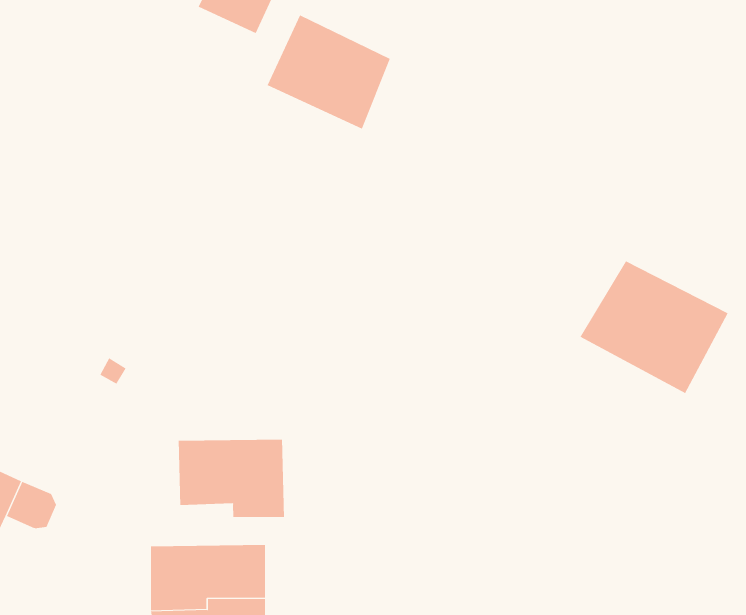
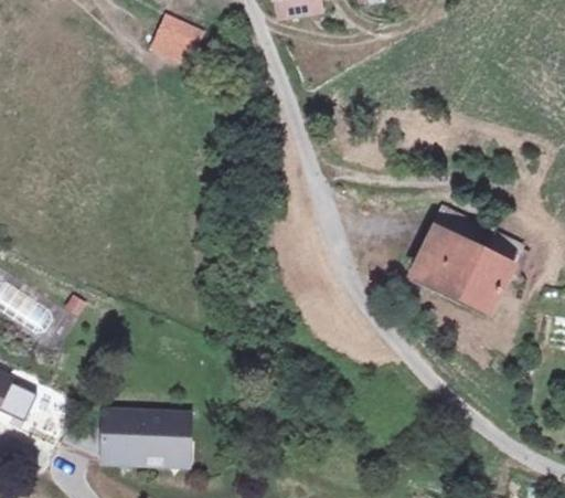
building: [267,14,390,129] -> none
building: [178,439,284,518] -> none

